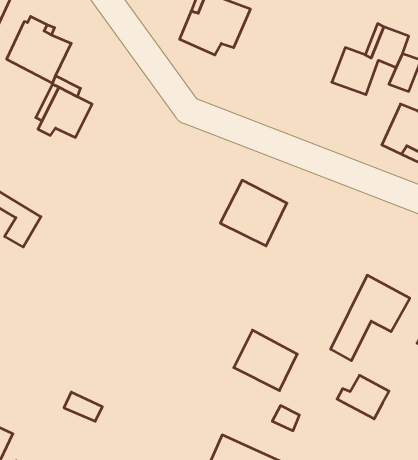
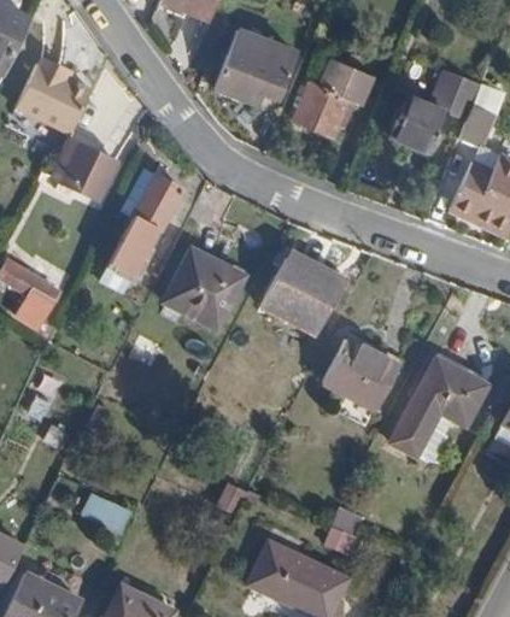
building: none -> [297,58,375,135]
building: none -> [102,174,182,293]
building: none -> [165,247,241,322]
building: [234,330,297,391] -> [327,331,400,401]
building: [337,375,389,419] -> none

